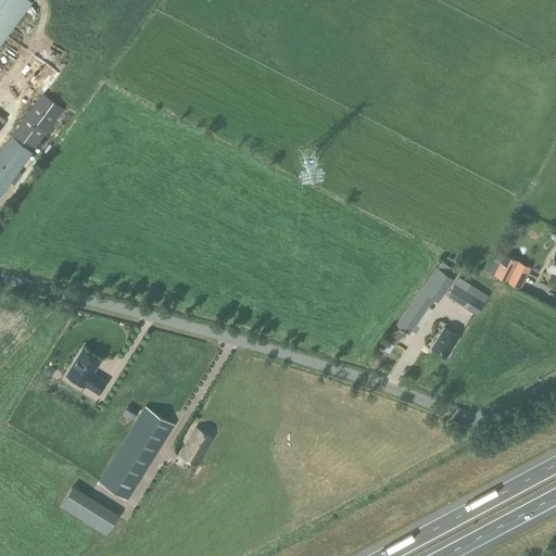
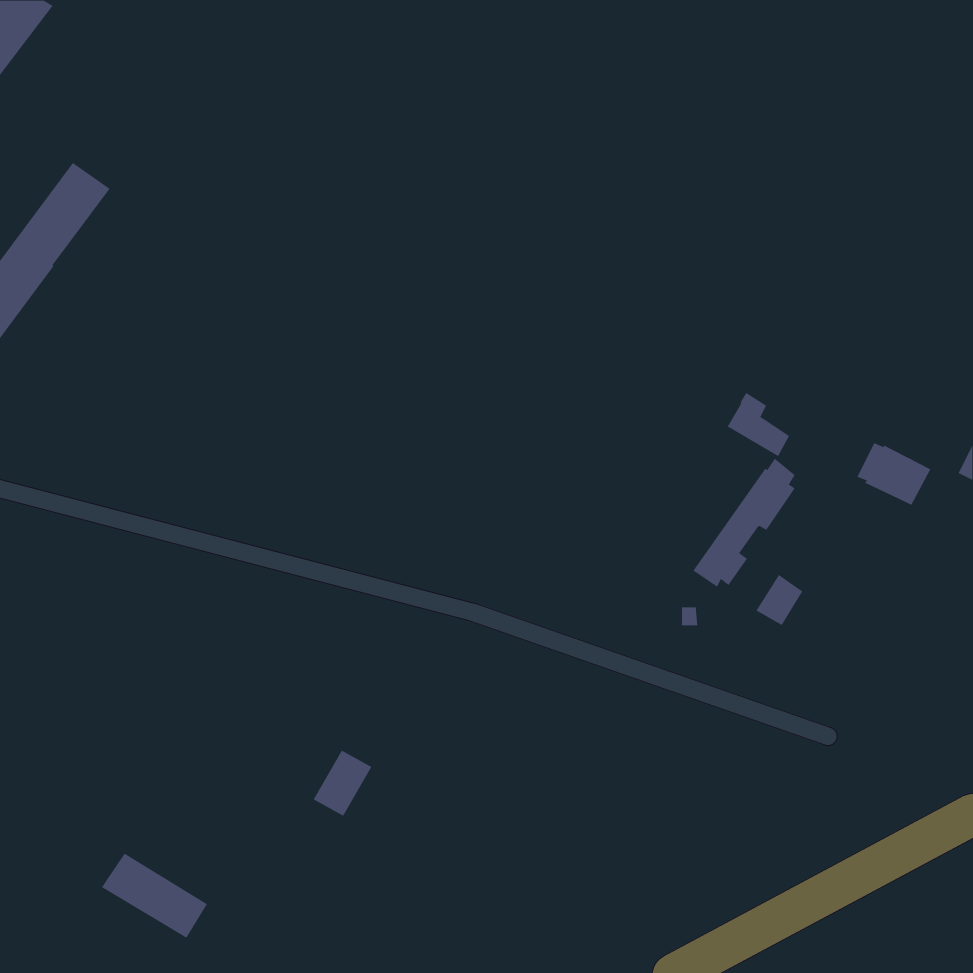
building: [446,278,482,315] -> [727,392,790,457]
building: [65,351,104,394] -> none
building: [98,406,174,501] -> none

